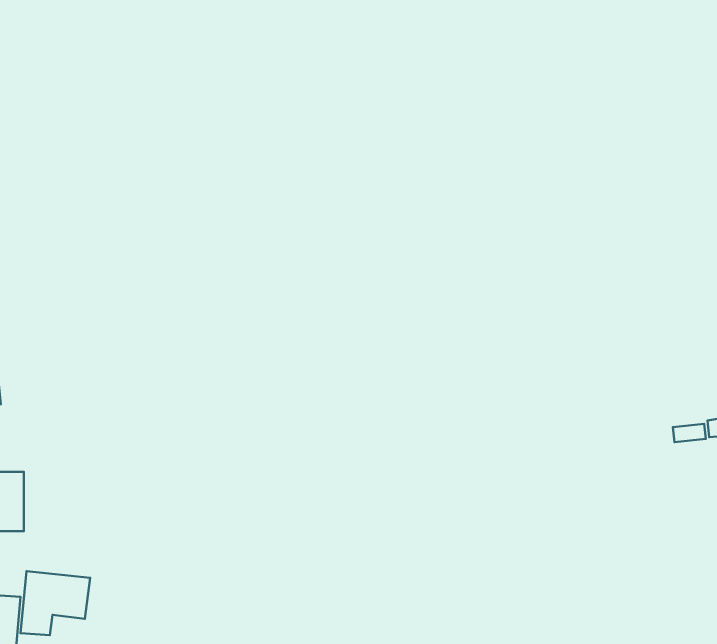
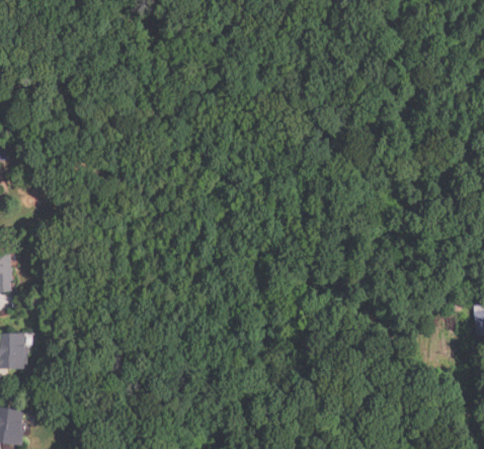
building: [21,571,90,635] -> none

